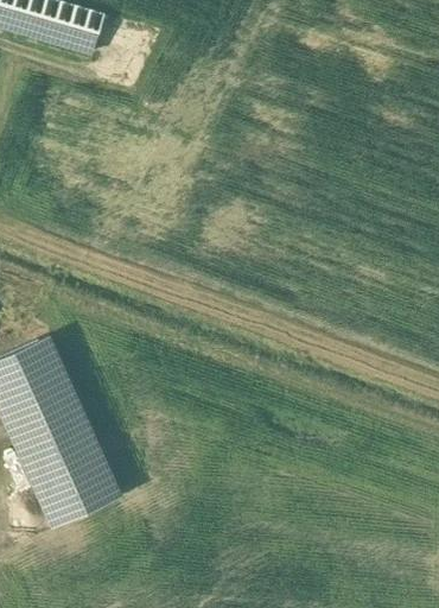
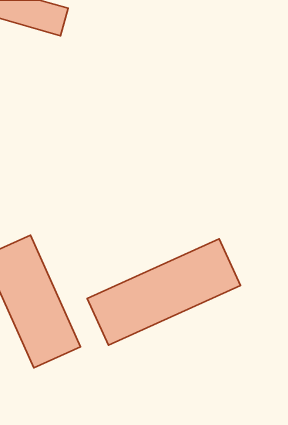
building: none -> [87,239,241,345]

